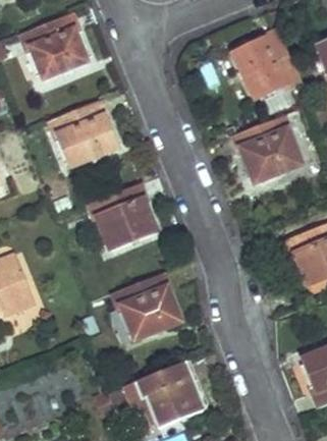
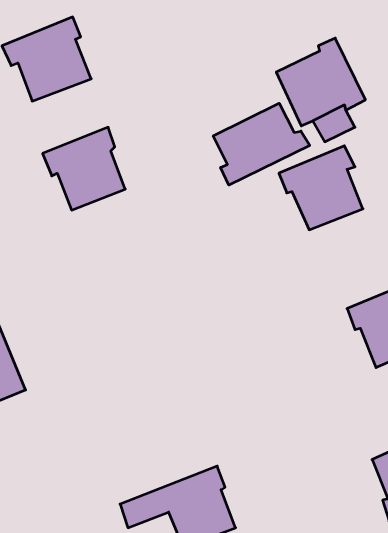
building: none -> [213,103,310,185]
building: [89,184,156,251] -> none
building: [112,272,181,338] -> none

